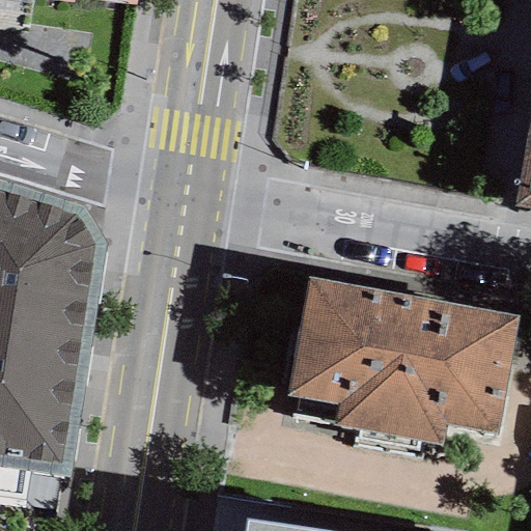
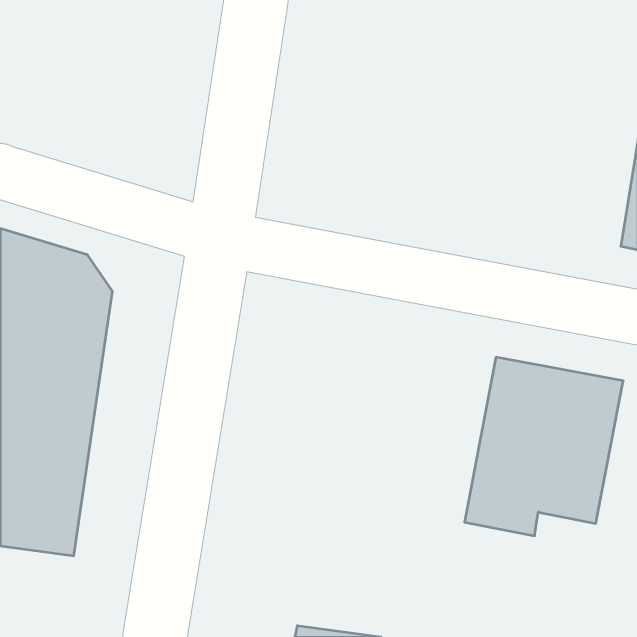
building: [285,277,413,434] -> none

